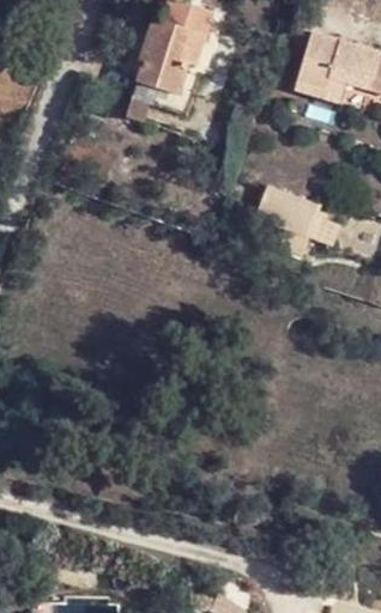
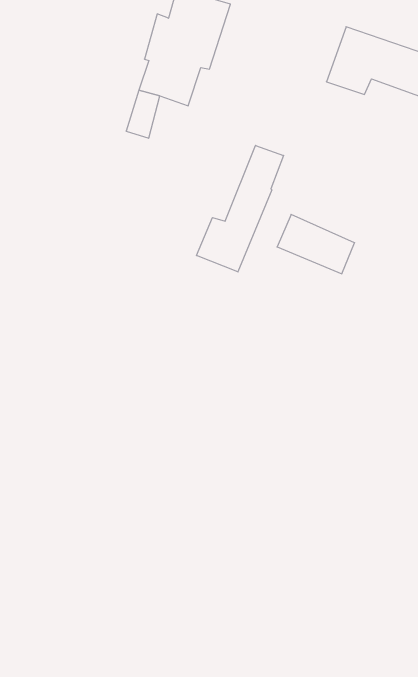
building: none -> [197,145,284,272]

